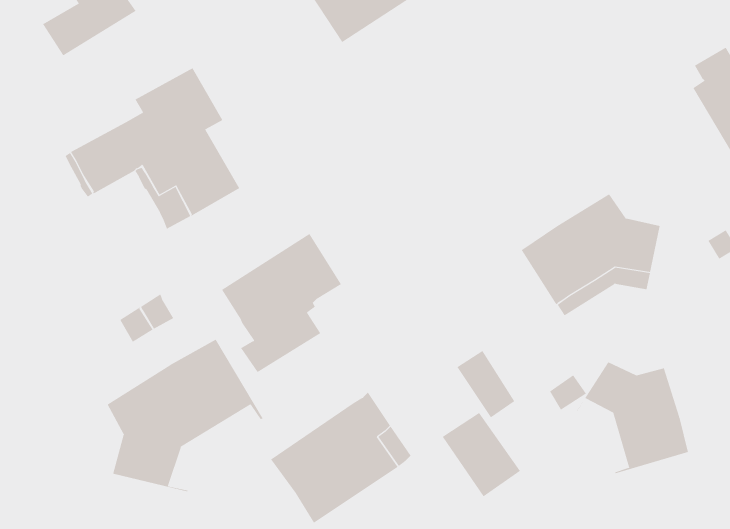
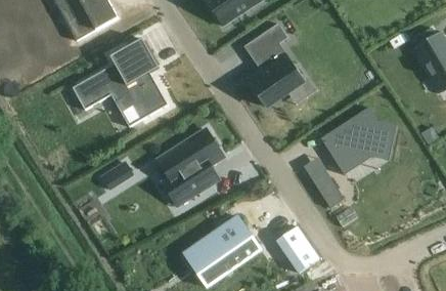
building: none -> [247,24,304,108]
building: [107,339,263,492] -> none
building: [457,350,515,418] -> [311,170,343,207]
building: [576,362,689,474] -> none

